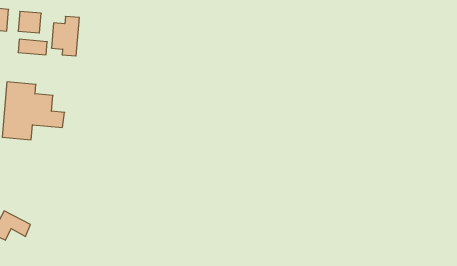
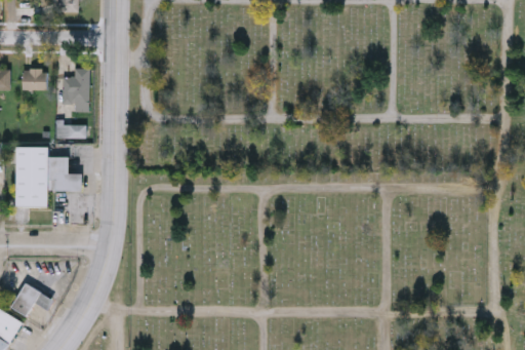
building: [18,39,47,55] -> [54,124,85,139]

